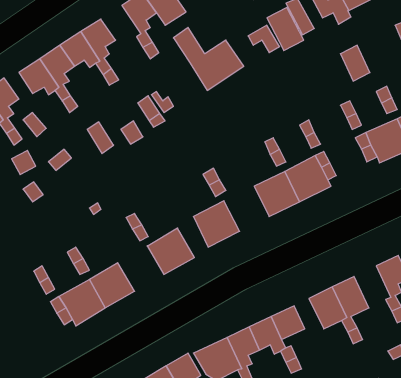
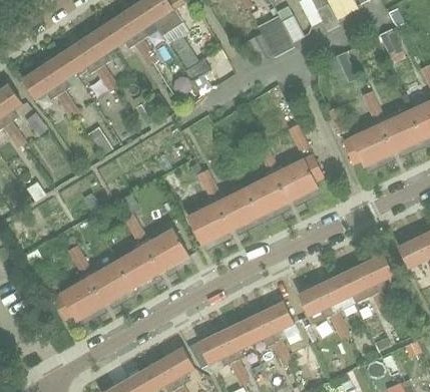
building: none -> [99,14,137,47]
building: none -> [217,186,260,230]
building: none -> [115,244,159,287]
building: none -> [341,263,376,303]

